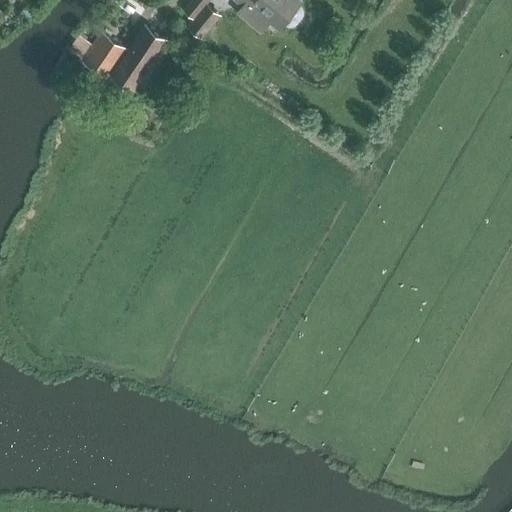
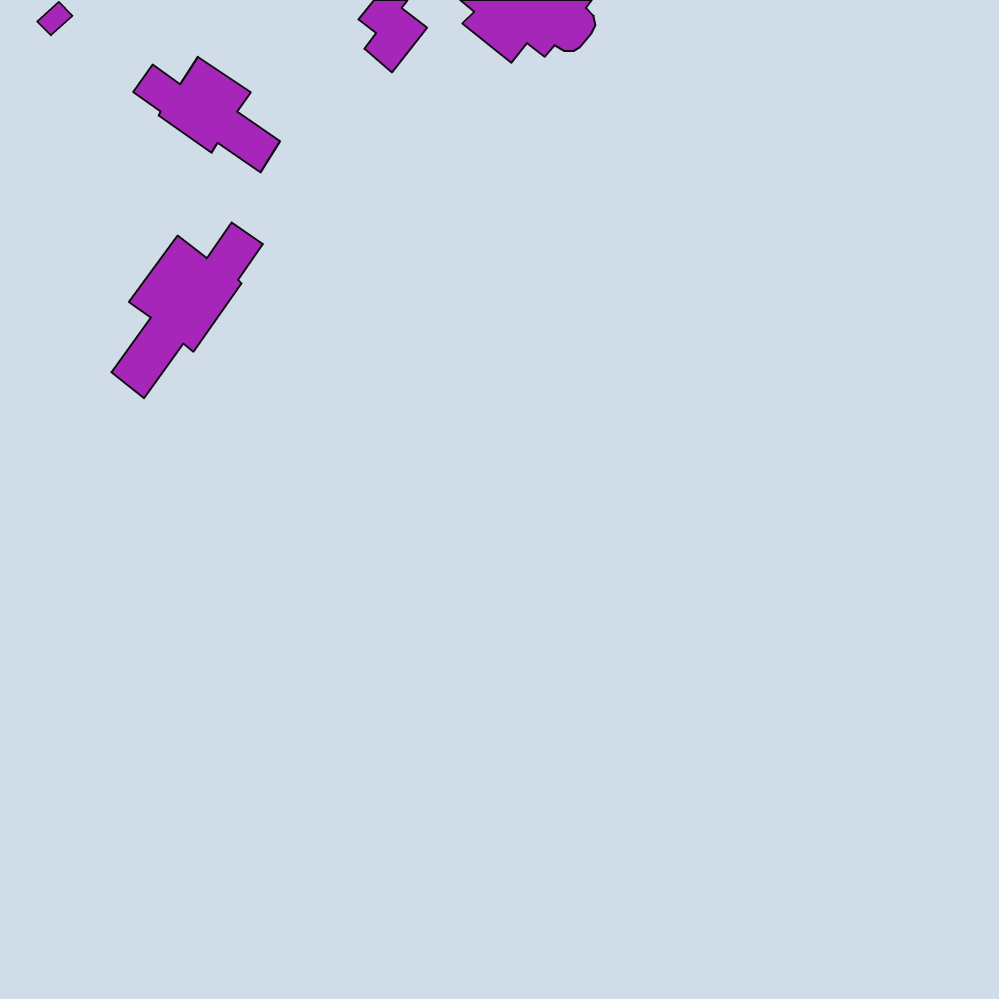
building: [121,23,167,73] -> none
building: none -> [111,222,263,398]

